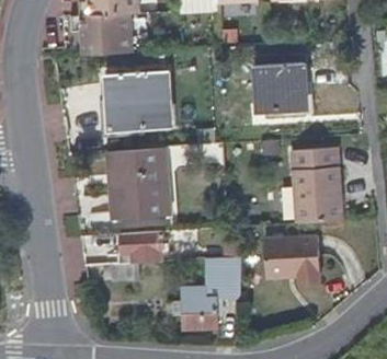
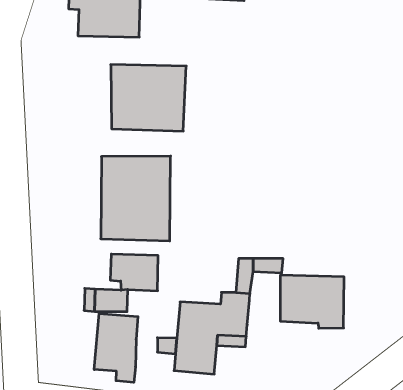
building: [255,63,306,114] -> none
building: [292,149,343,225] -> none
building: none -> [94,313,138,382]

